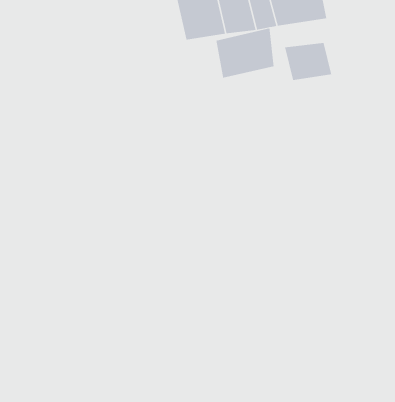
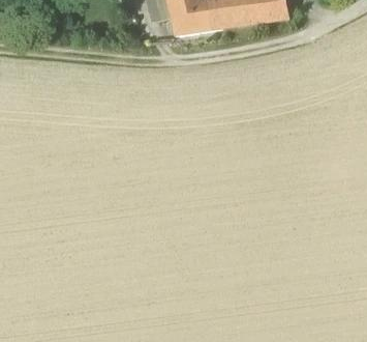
building: [216,28,274,78] -> none
building: [284,42,332,81] -> none

